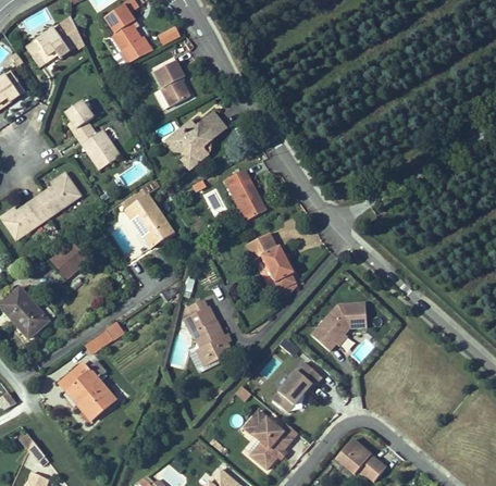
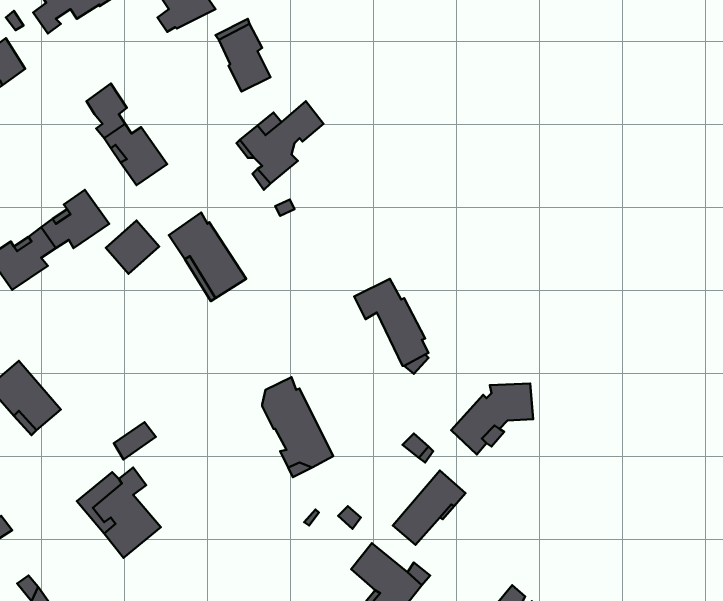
building: [226,172,264,221] -> none
building: [50,242,86,278] -> [106,221,159,274]

